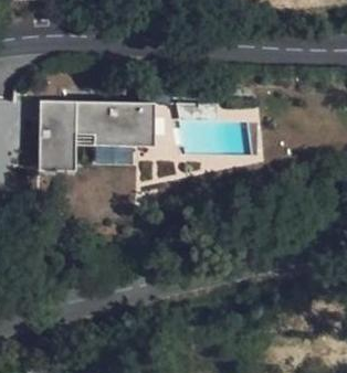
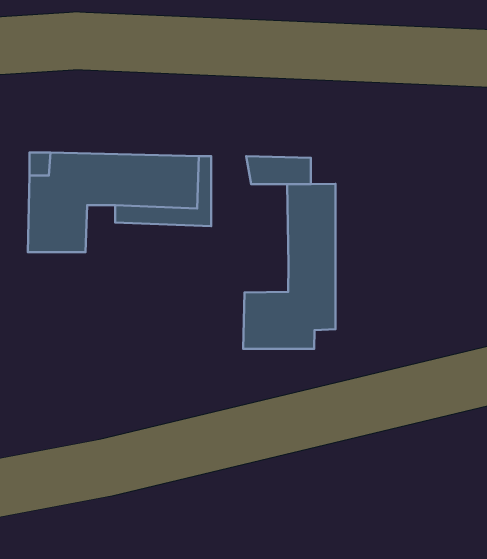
building: none -> [243,184,336,349]

